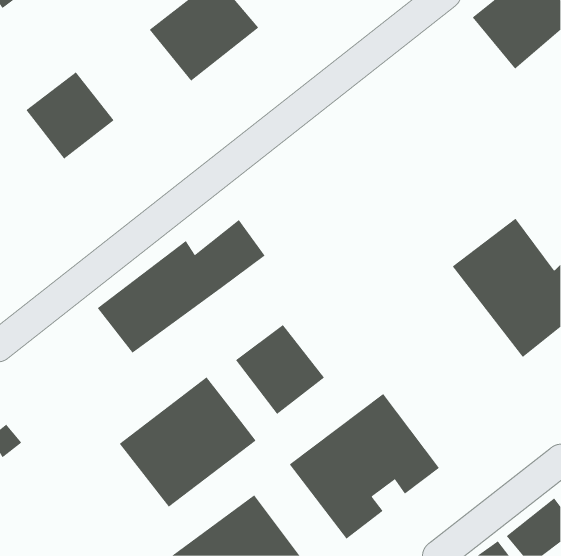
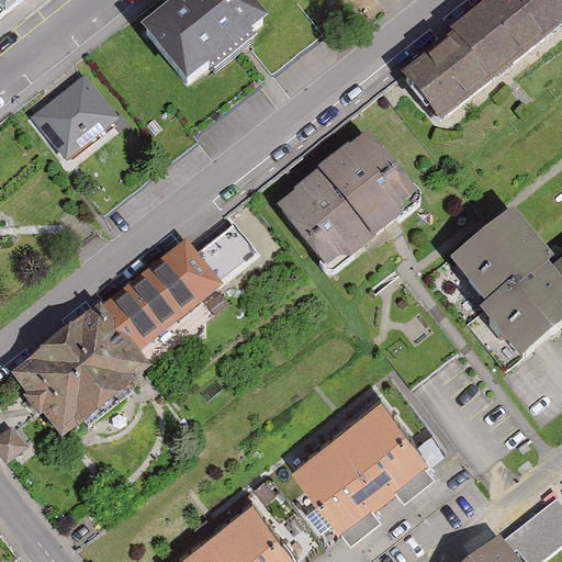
building: none -> [400,18,513,124]
building: none -> [273,127,424,272]
building: [235,324,325,415] -> none
building: [119,377,257,508] -> [9,307,146,438]

